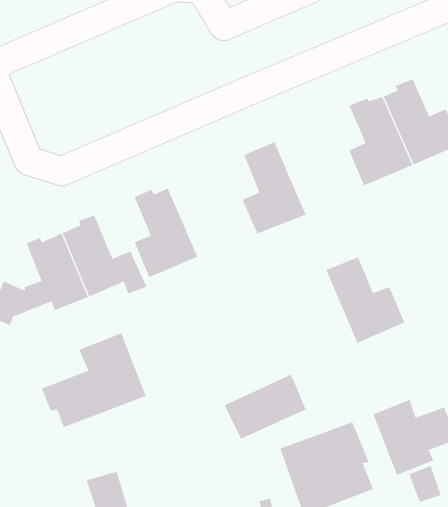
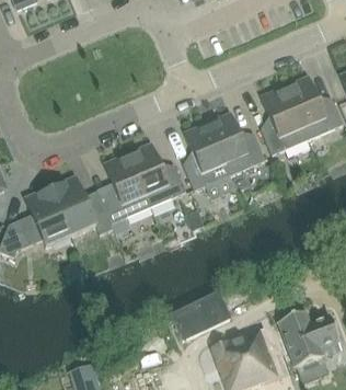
building: none -> [129,142,186,206]
building: [325,256,405,343] -> [207,112,265,175]
building: [41,333,146,428] -> none

